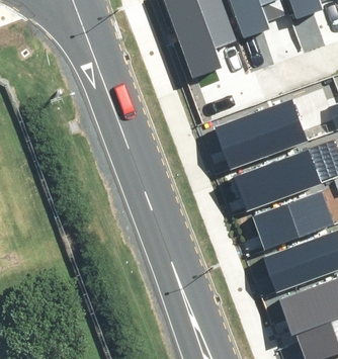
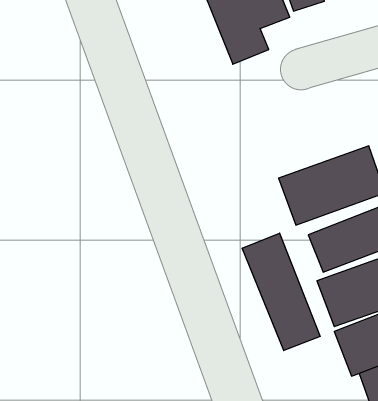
building: [219,104,305,168] -> none
building: none -> [242,233,320,351]

